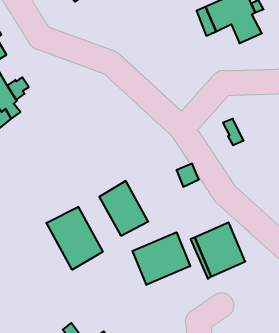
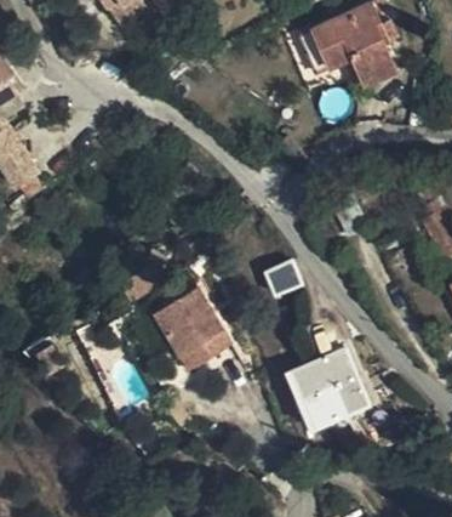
building: [46,207,103,270] -> none
building: [132,232,190,285] -> none

